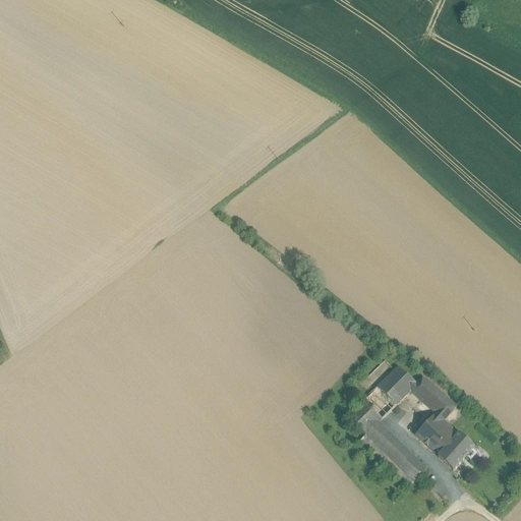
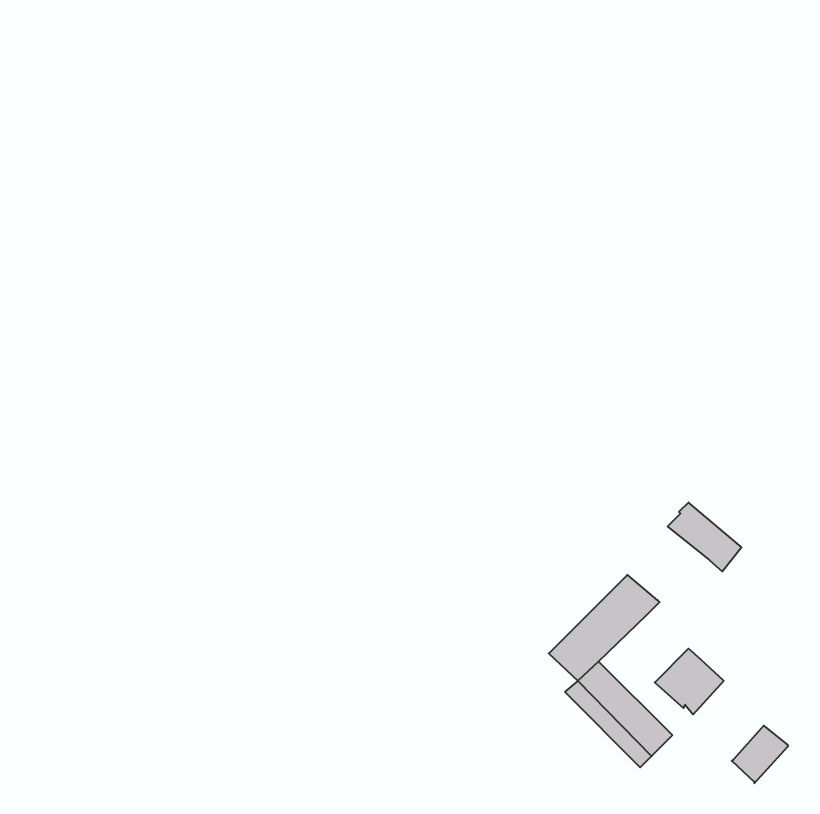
building: [410,374,457,418] -> [668,502,741,571]
building: [439,431,474,468] -> [732,726,788,783]

